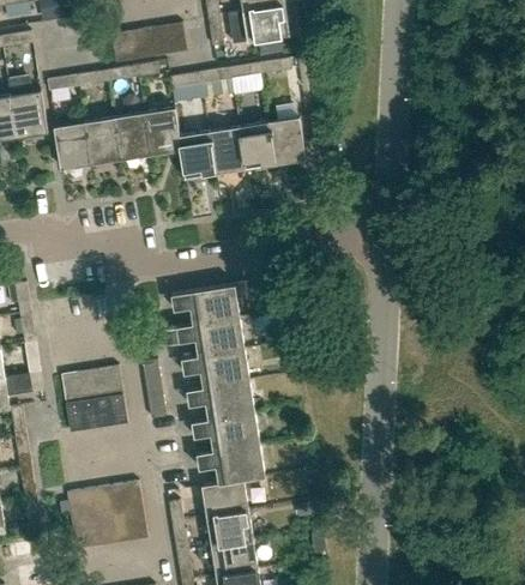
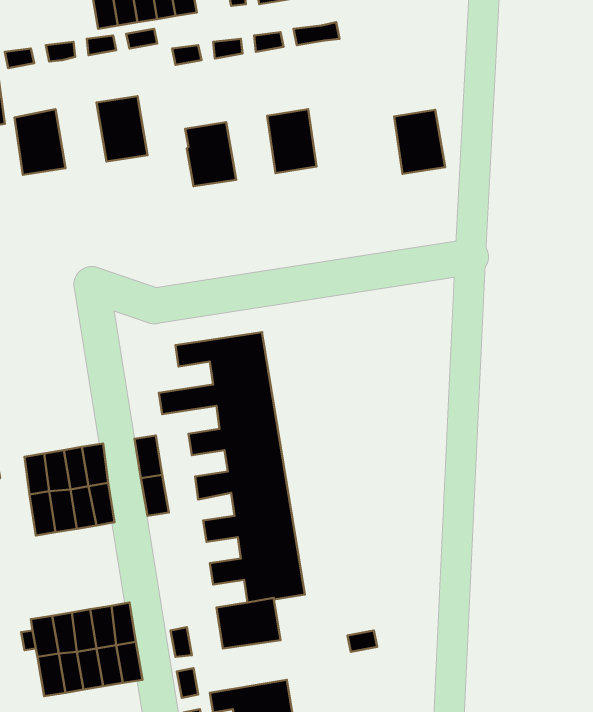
building: [143,107,180,155] -> none
building: [83,116,120,164] -> none
building: [267,116,304,163] -> [394,110,445,174]
building: [207,126,243,173] -> none
building: [205,509,252,545] -> none

